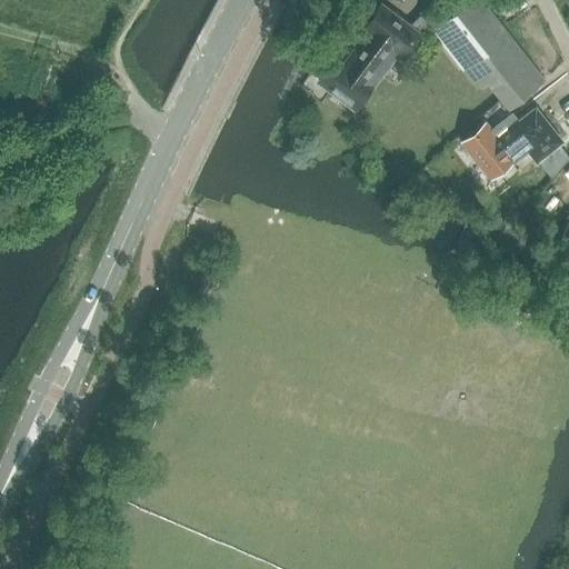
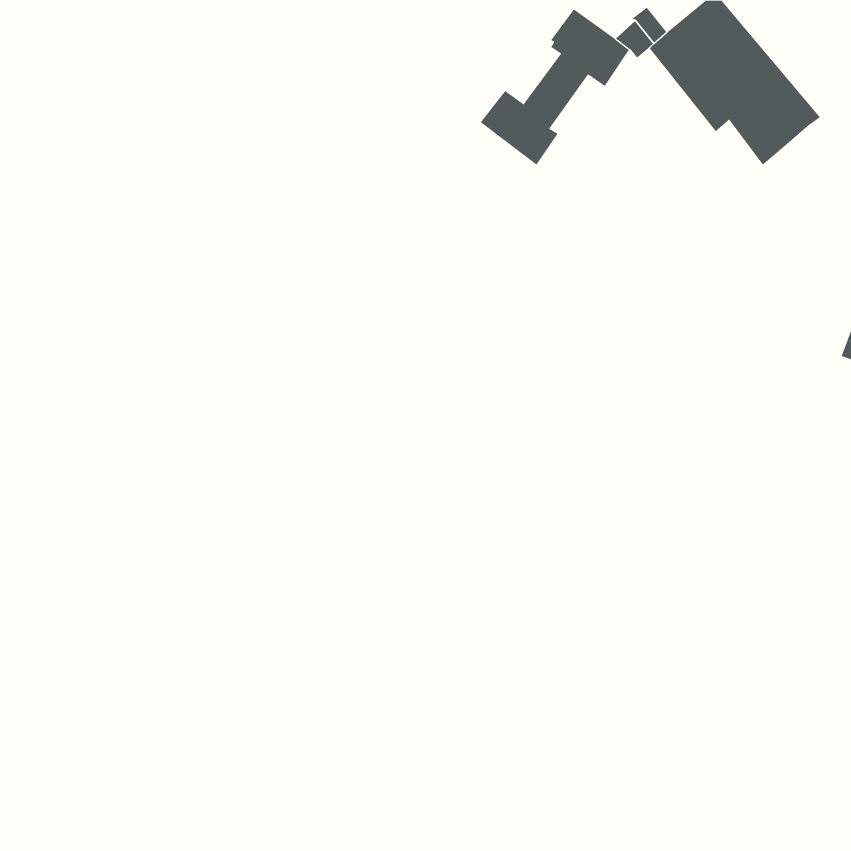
building: [469,109,563,178] -> none

